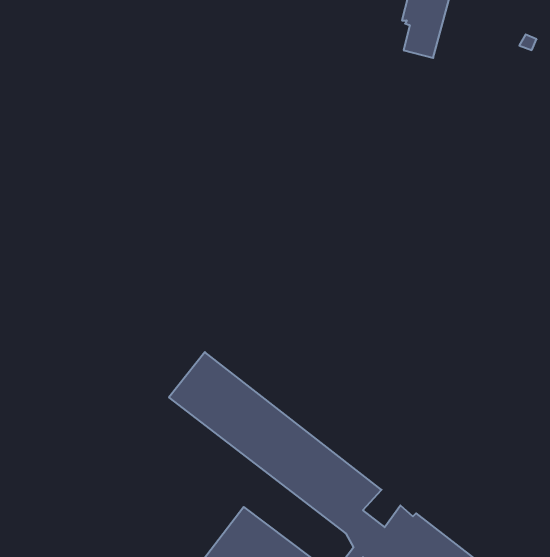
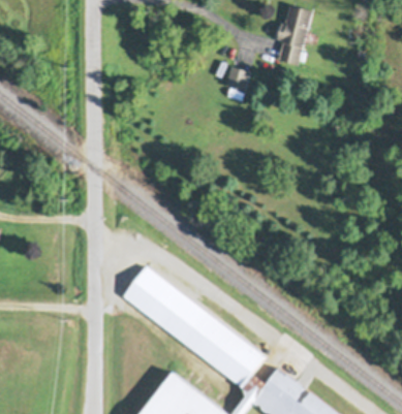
building: none -> [223,74,247,99]

